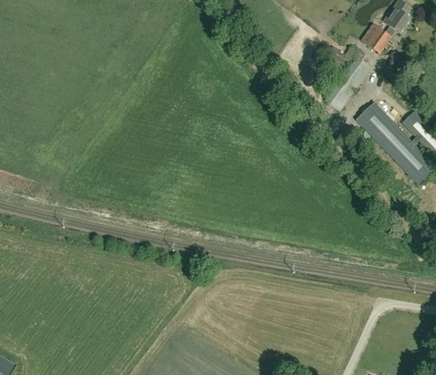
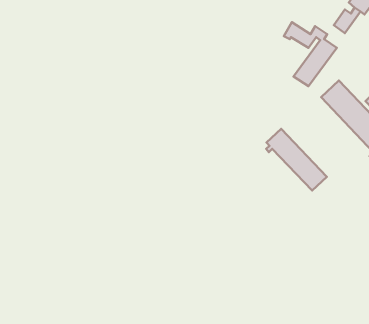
building: none -> [266,129,327,191]

